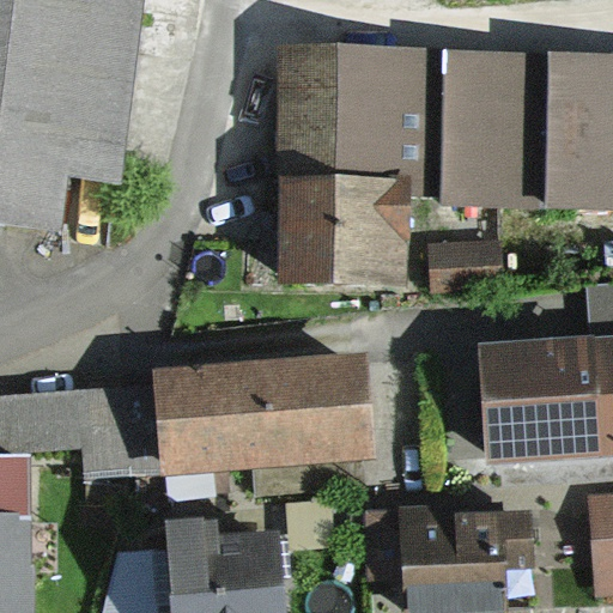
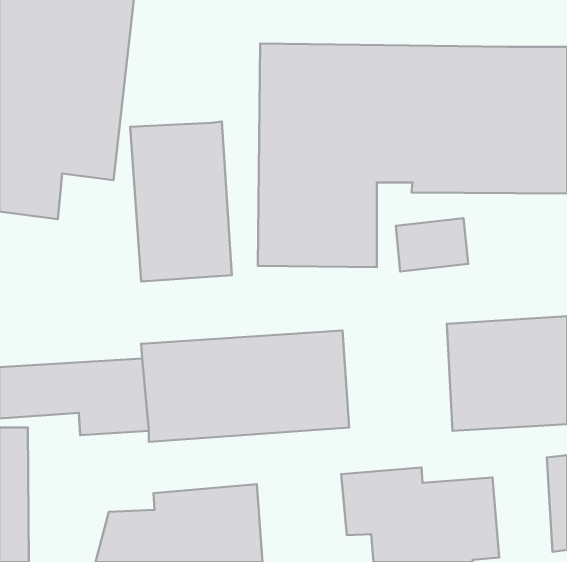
building: none -> [130,121,232,281]

